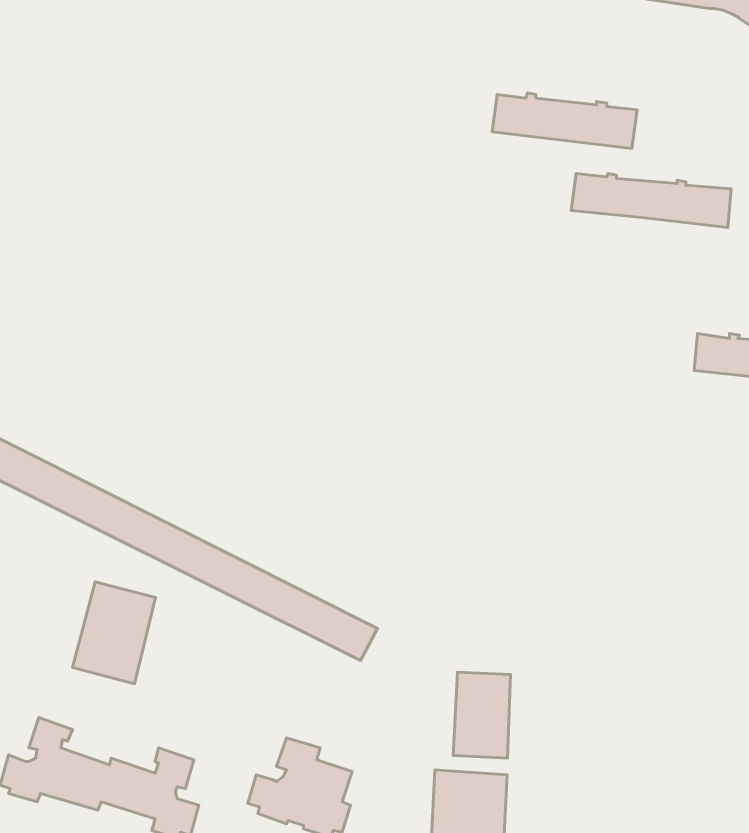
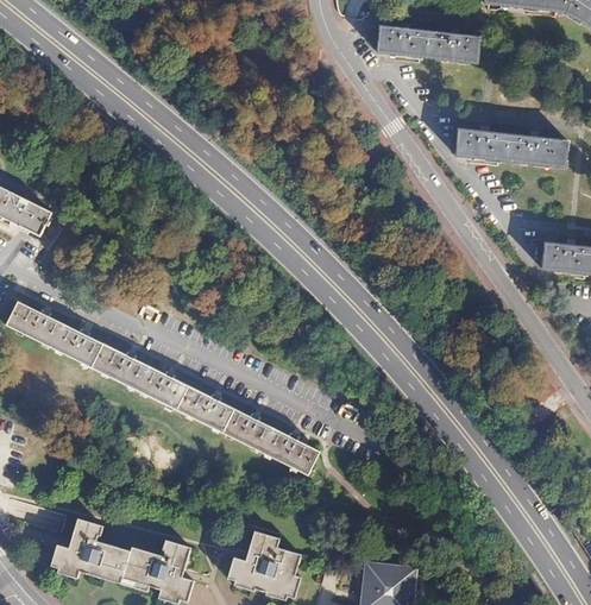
building: [492,93,637,149] -> [377,26,479,65]
building: [72,582,156,684] -> none
building: [453,672,510,758] -> none

